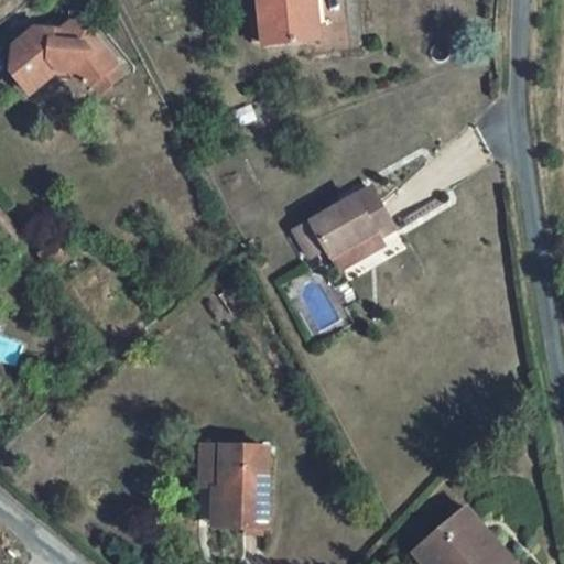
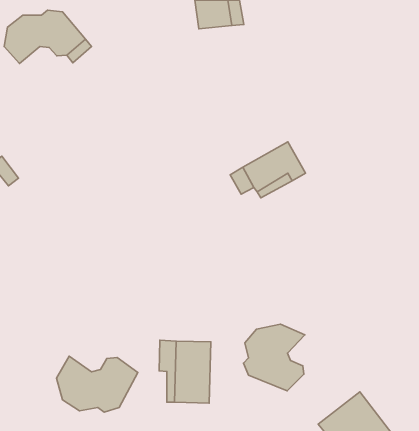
building: none -> [243,324,305,391]
building: none -> [56,356,138,412]

